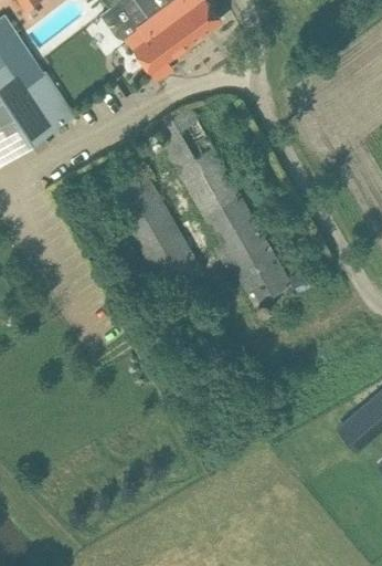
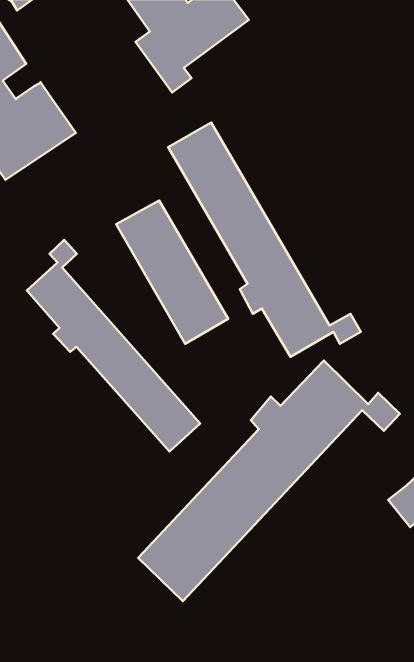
building: none -> [27,240,200,452]
building: none -> [138,361,400,601]

